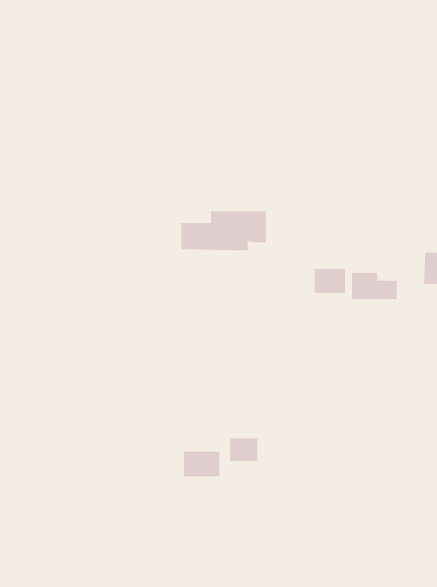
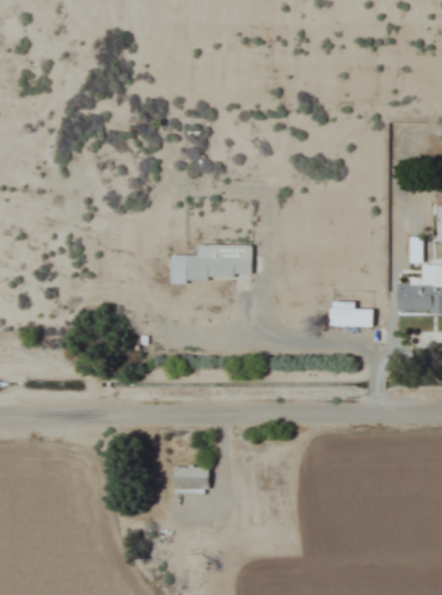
building: [314,268,346,294] -> none
building: [230,437,258,462] -> none

